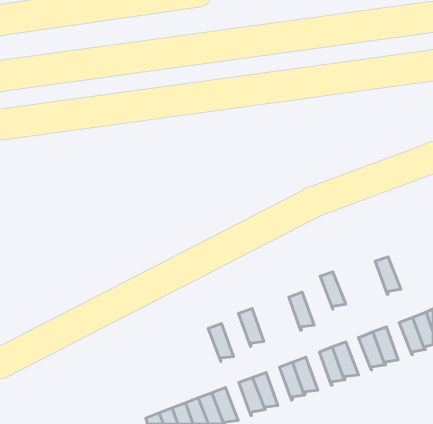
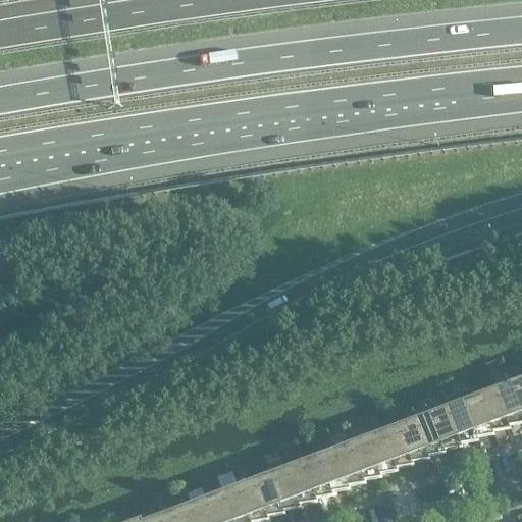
building: [375,257,401,294] -> [465,388,495,433]
building: [320,272,346,309] -> [416,407,447,452]
building: [289,292,314,330] -> [368,424,399,470]
building: [239,308,264,346] -> [320,442,351,488]
building: [208,324,233,362] -> [271,461,302,507]

